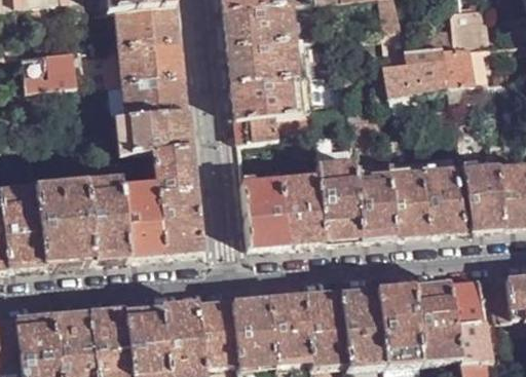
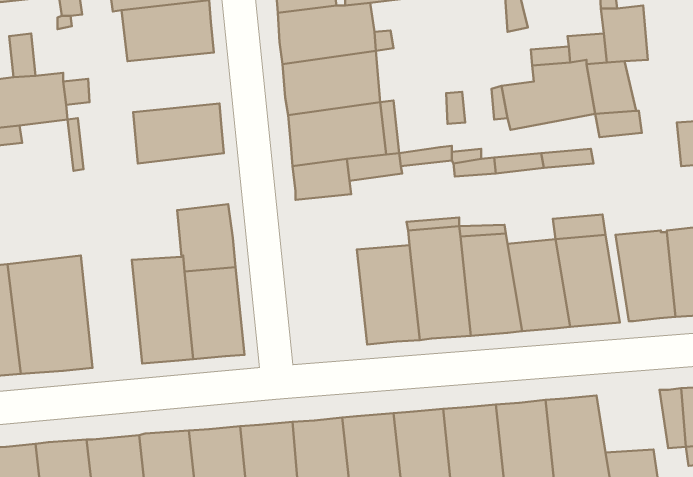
building: [119,39,184,81] -> none
building: [116,110,190,154] -> none
building: [241,178,288,248] -> none
building: [86,179,129,261] -> none
building: [449,277,489,321] -> none

